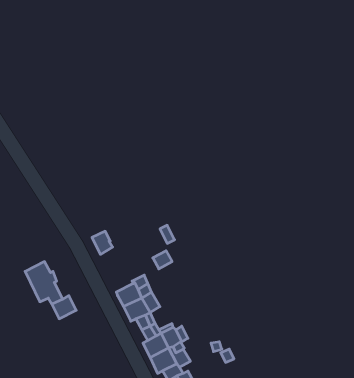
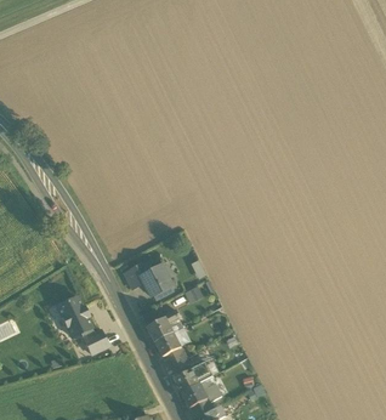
building: none -> [140,266,172,296]

